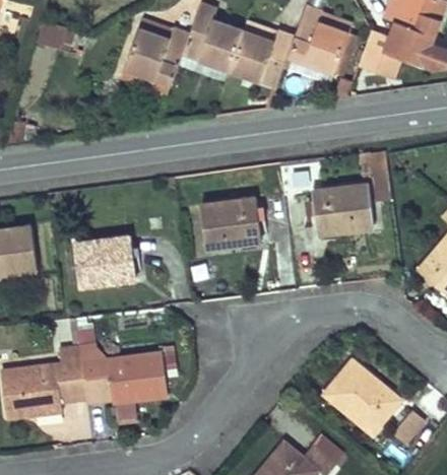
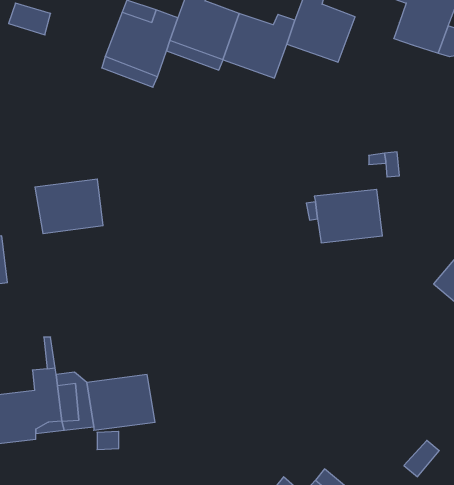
building: [359,31,400,76] -> none
building: [200,199,261,248] -> none
building: [73,237,134,286] -> [35,179,103,234]
building: [325,360,400,432] -> none

